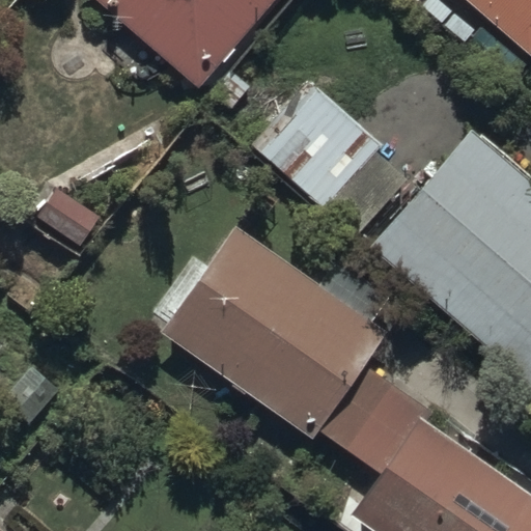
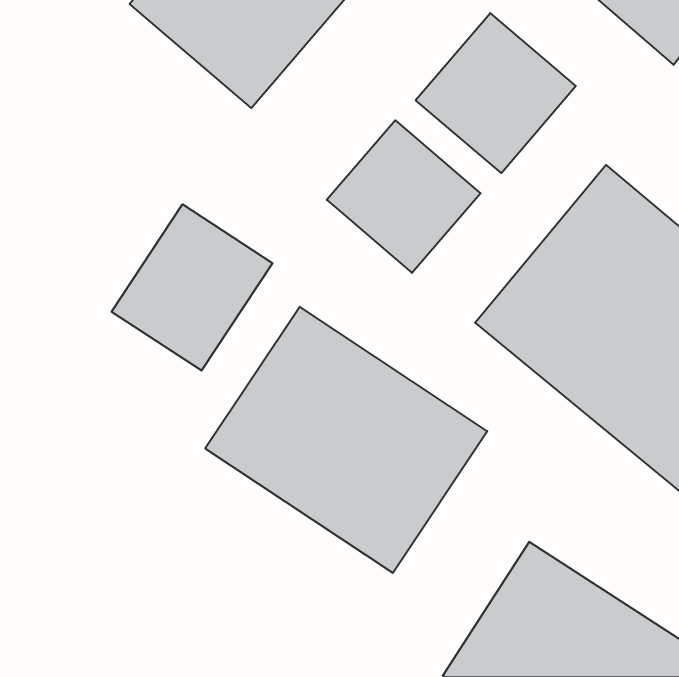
building: none -> [416,13,576,173]
building: none -> [112,204,272,371]

